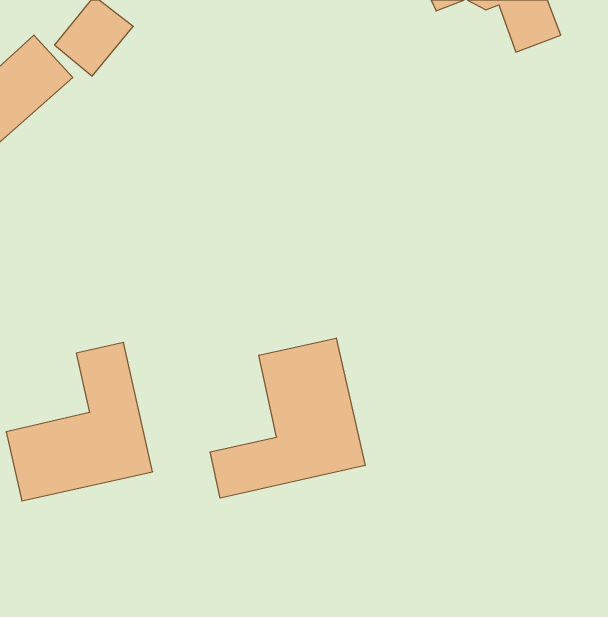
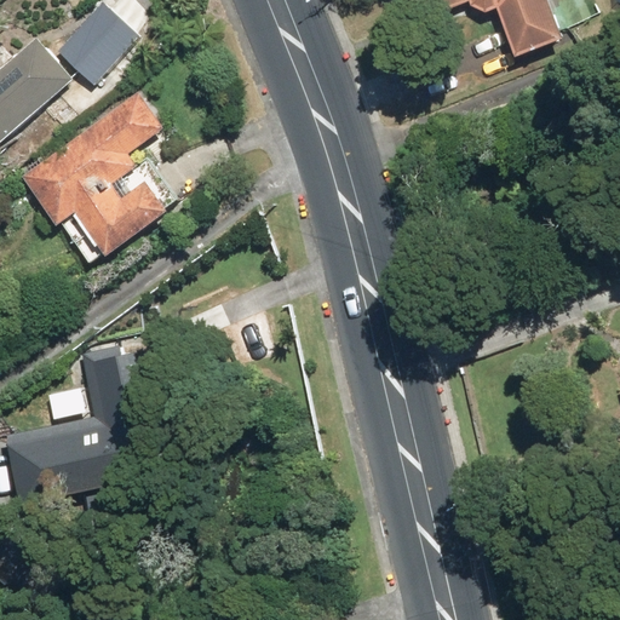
building: none -> [19,92,172,265]
building: [210,338,365,498] -> none

